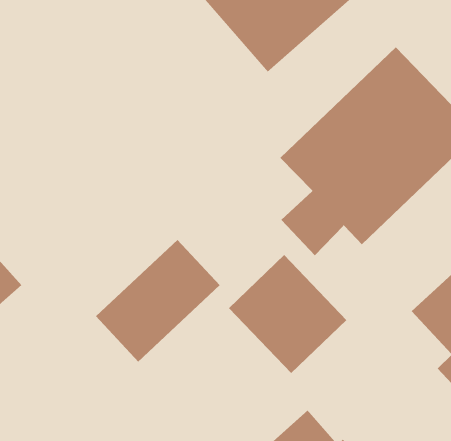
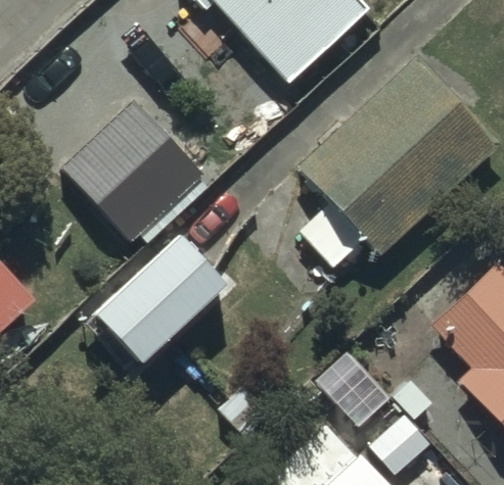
building: none -> [63,103,207,246]
building: [228,254,347,374] -> none

